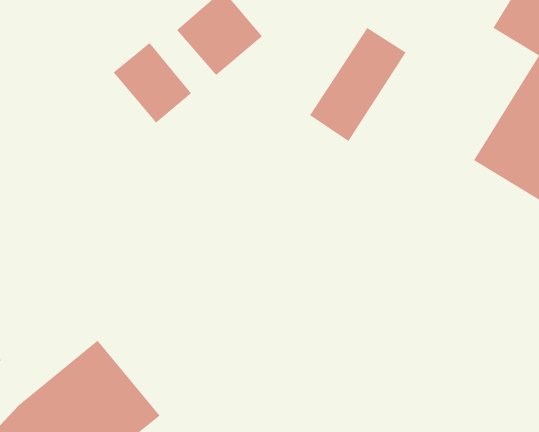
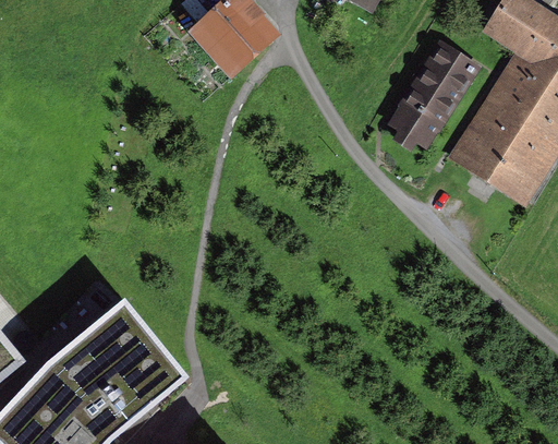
building: [309,27,407,142] -> [395,38,483,142]
building: [113,42,192,124] -> none

